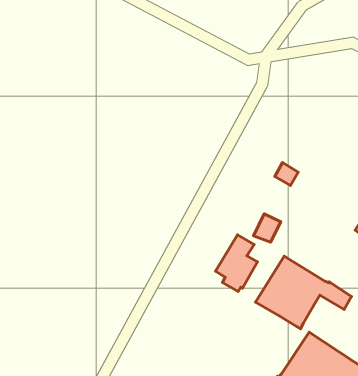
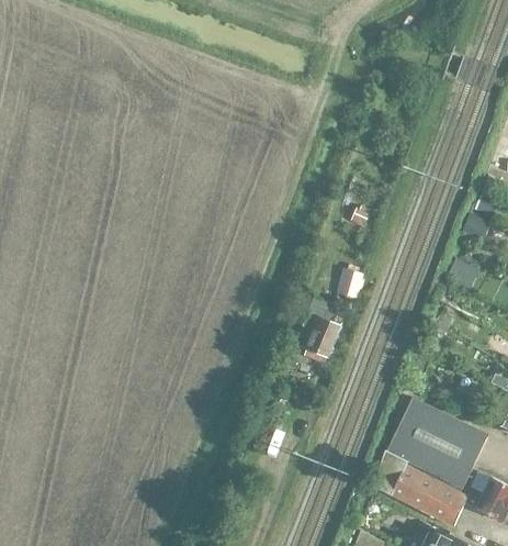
building: [256,256,352,329] -> none

